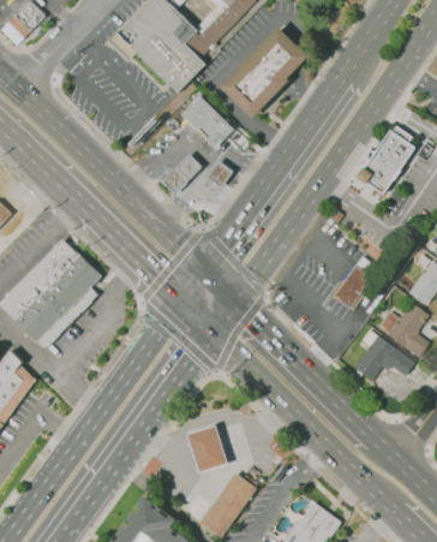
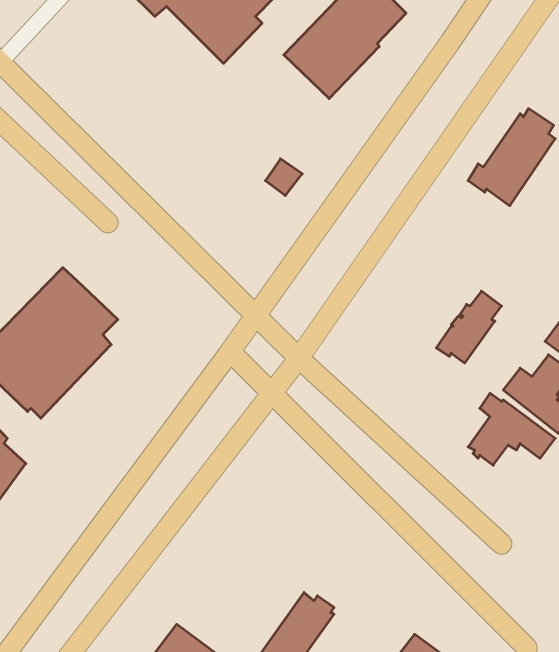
building: [180,95,234,149] -> none
building: [162,154,202,193] -> none
building: [188,425,227,472] -> none

